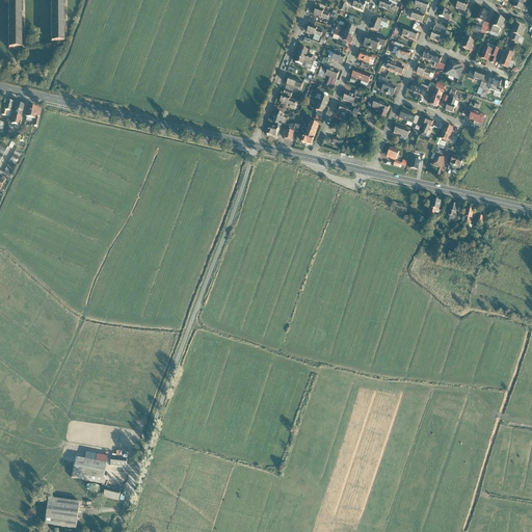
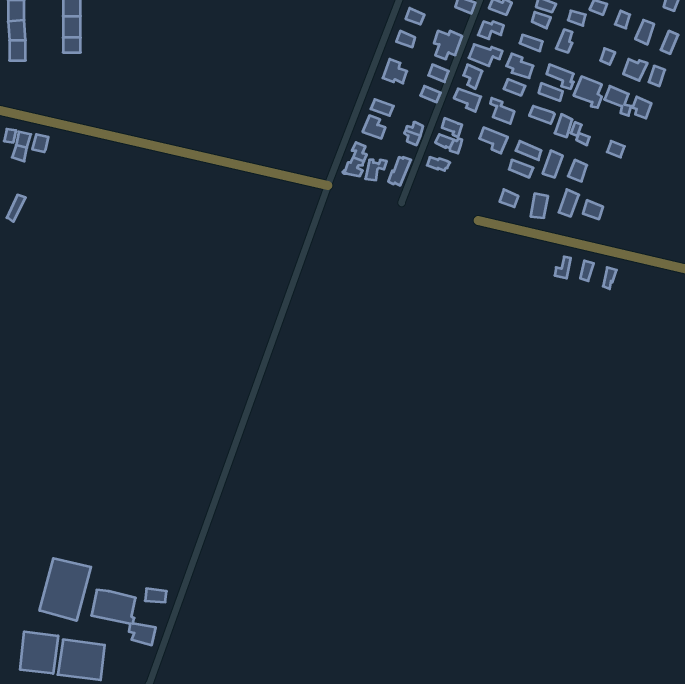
building: none -> [40,558,91,621]
building: none -> [20,632,58,674]

